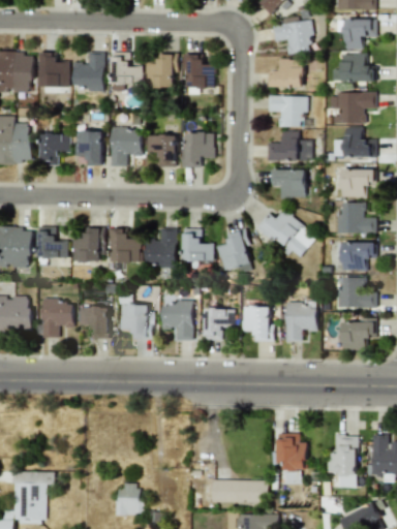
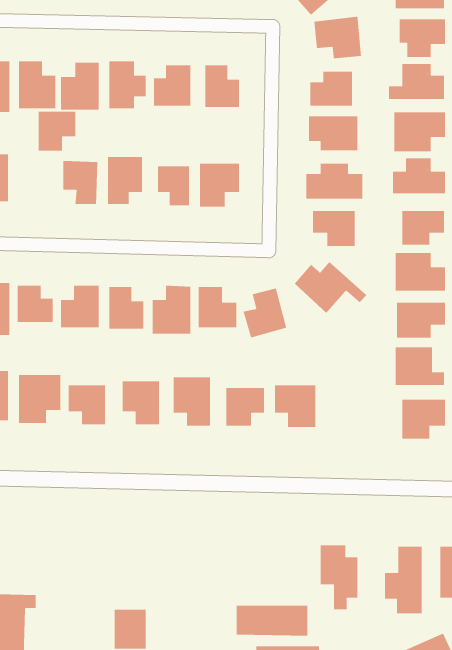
building: [39,133,69,165] -> [38,111,76,152]
building: [285,301,316,341] -> none

